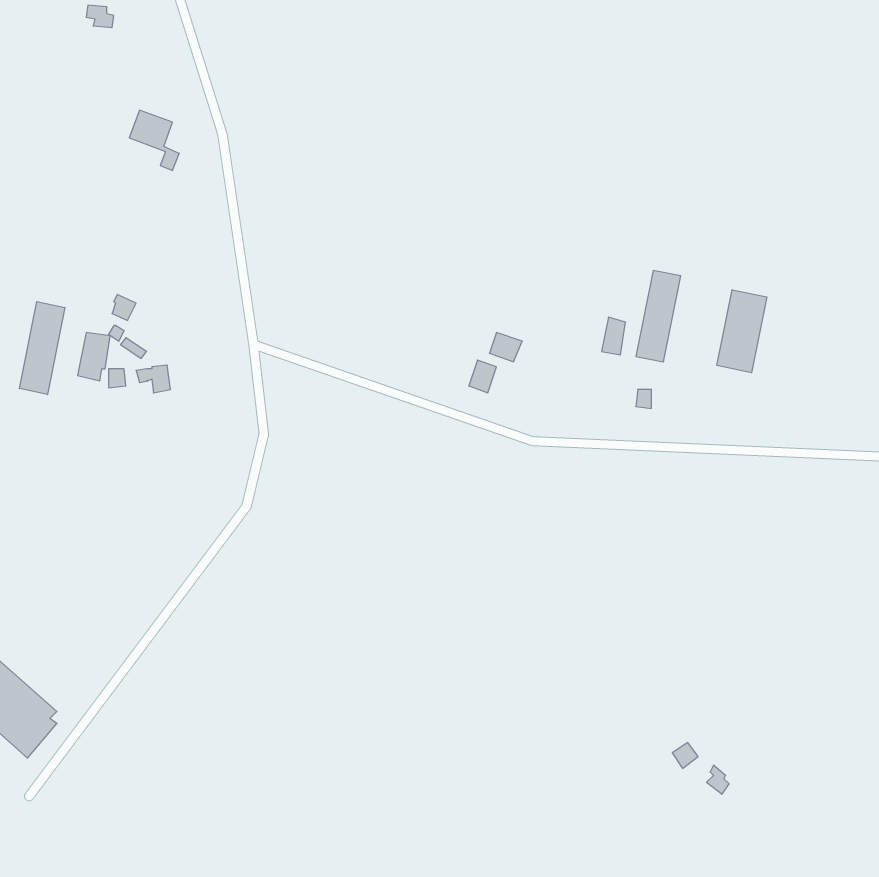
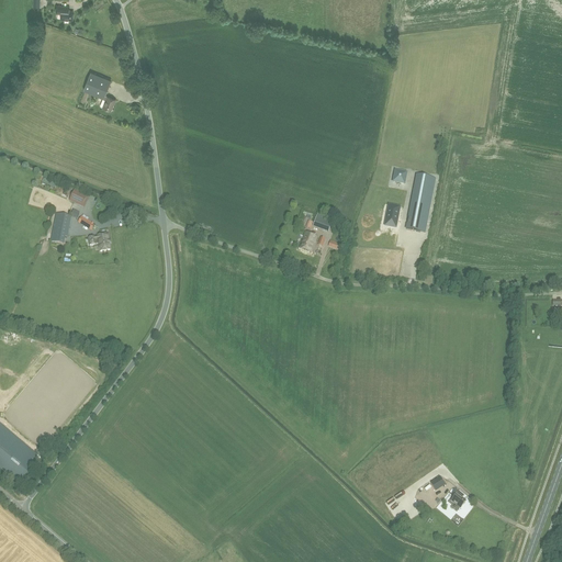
building: [717,290,767,373] -> none
building: [19,302,65,395] -> none

